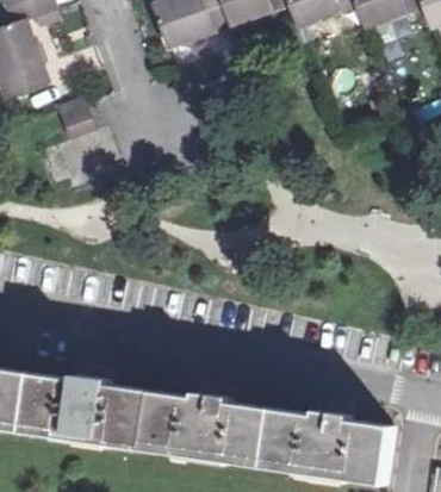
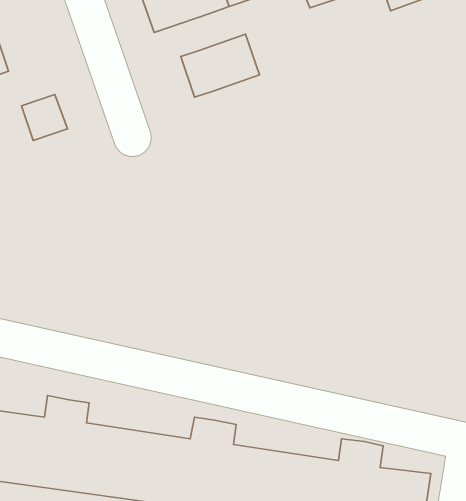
building: none -> [181,34,259,97]

